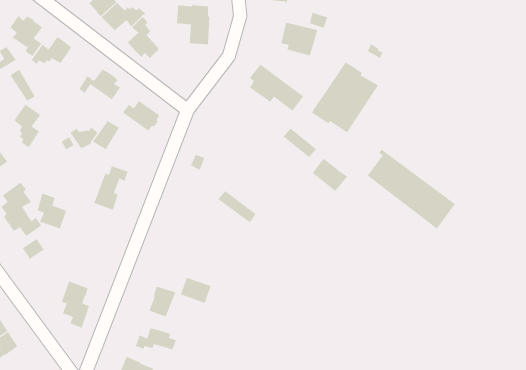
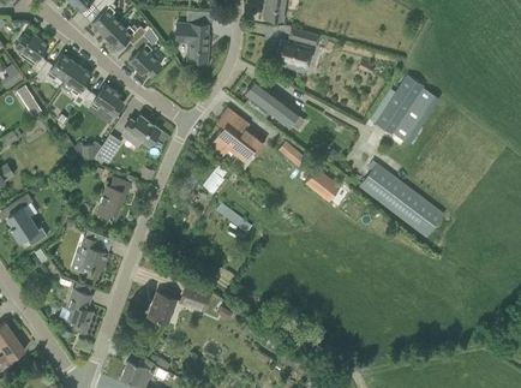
building: [311,62,379,133] -> [375,76,439,144]
building: none -> [209,108,262,160]
building: [14,104,41,148] -> [65,65,91,107]
building: [37,193,67,229] -> [79,237,108,271]
building: [135,327,176,350] -> none

